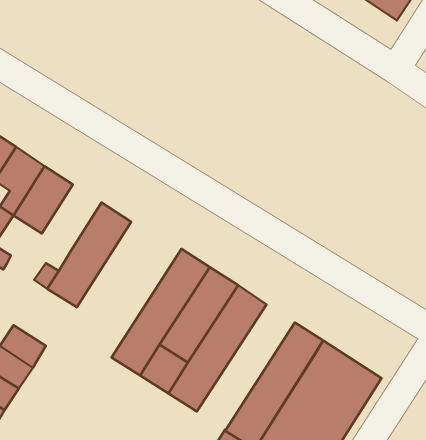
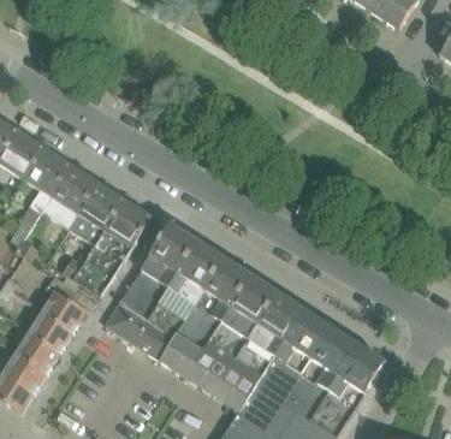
building: none -> [67,180,123,243]
building: none -> [105,223,197,342]
building: none -> [41,271,96,331]
building: none -> [212,292,303,410]

